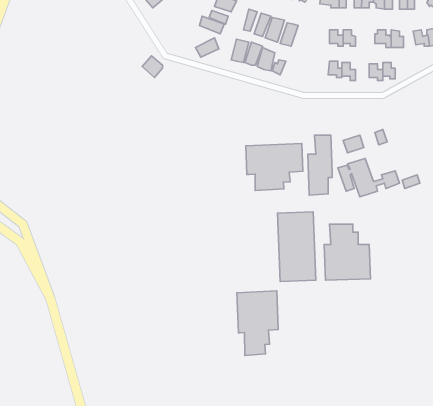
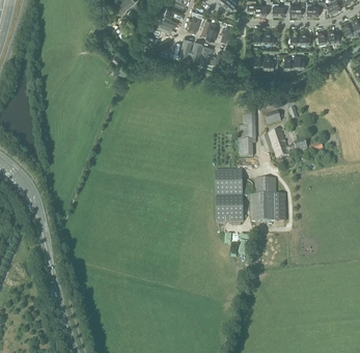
building: [246,144,303,191] -> none
building: [237,291,278,356] -> none

